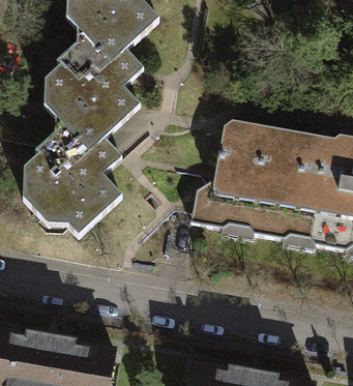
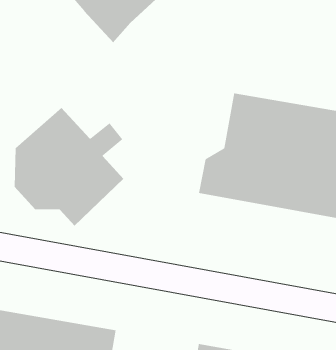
building: [43,41,145,160] -> none

